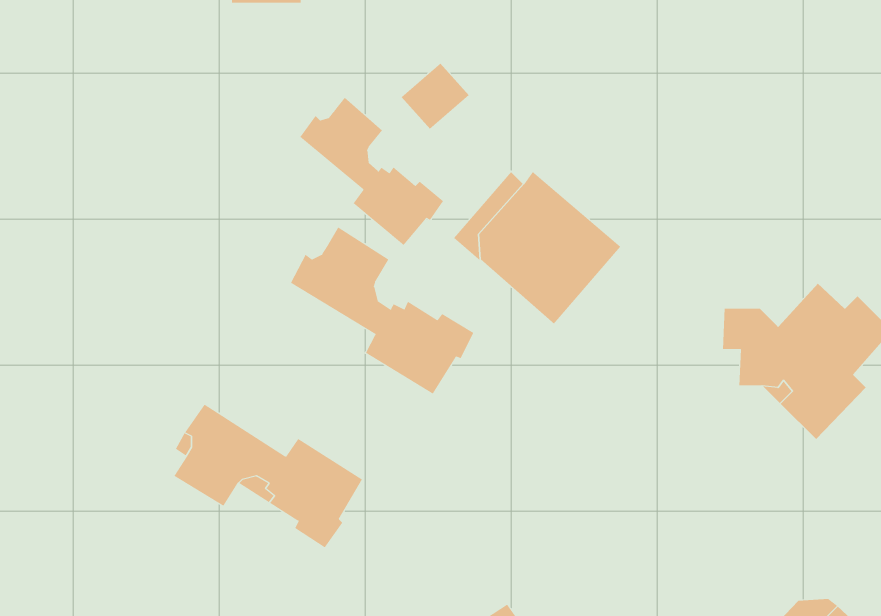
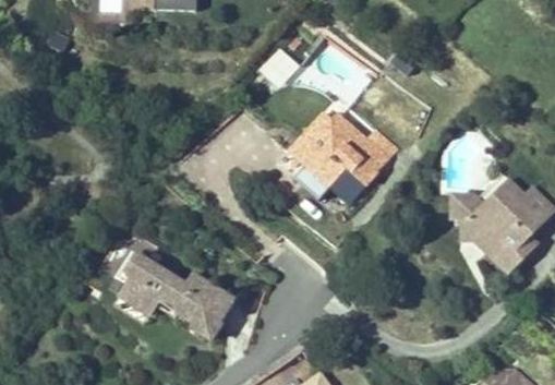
building: [299,97,444,246] -> none
building: [290,226,474,394] -> none

